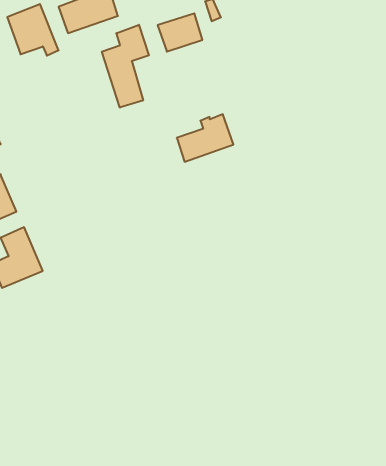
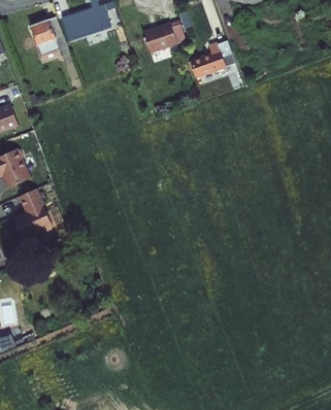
building: [102,25,149,108] -> none
building: [177,114,233,162] -> [192,40,236,77]

